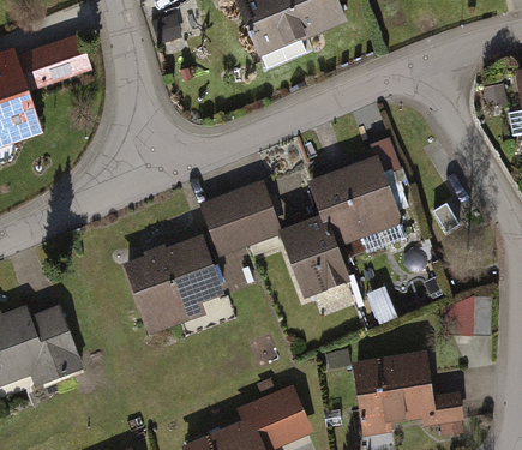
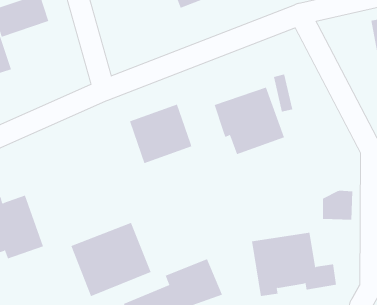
building: [276,217,348,300] -> none
building: [120,236,227,335] -> [71,222,151,297]

